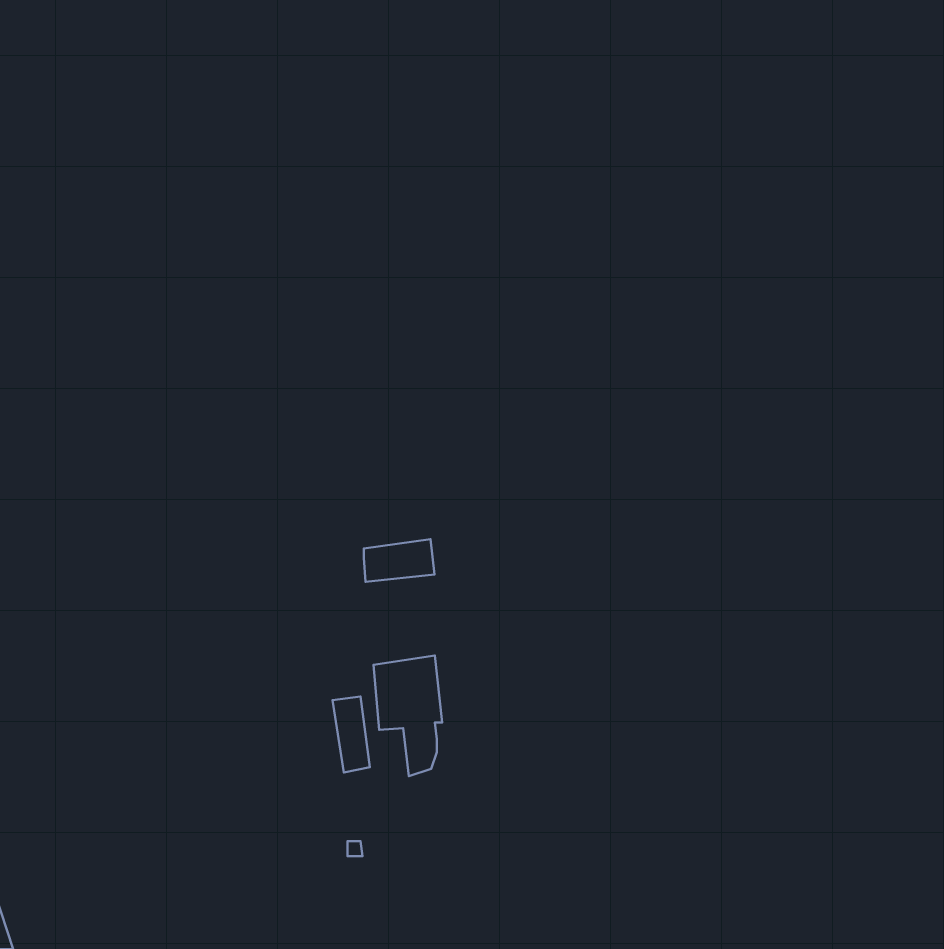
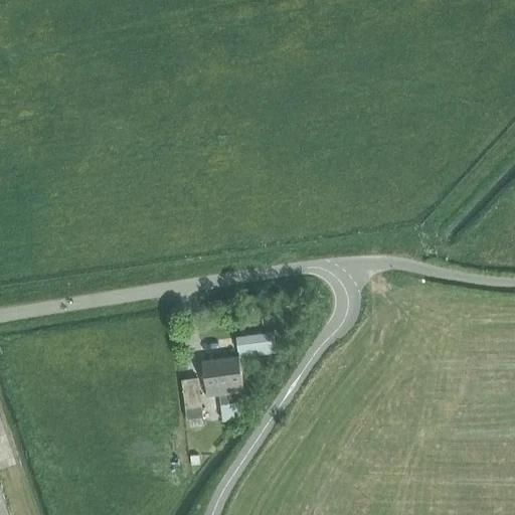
building: [364,539,434,582] -> [236,333,275,356]

